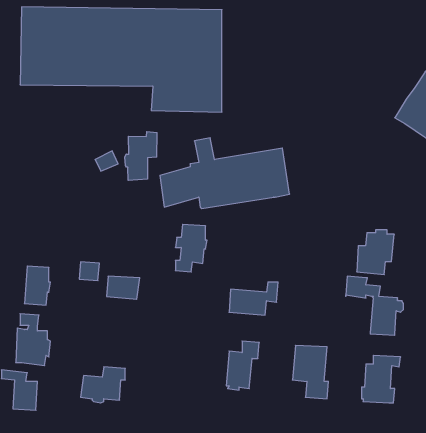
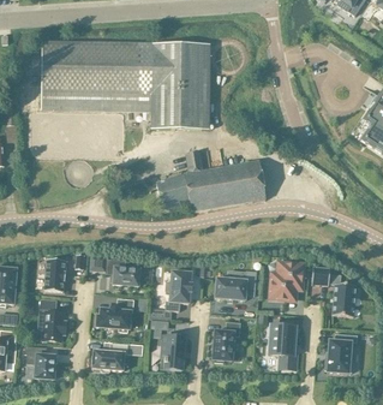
building: [125,132,157,180] -> none
building: [175,224,207,272] -> [166,270,192,310]
building: [357,230,394,275] -> [271,261,303,298]
building: none -> [96,298,133,332]
building: none -> [162,334,182,369]

